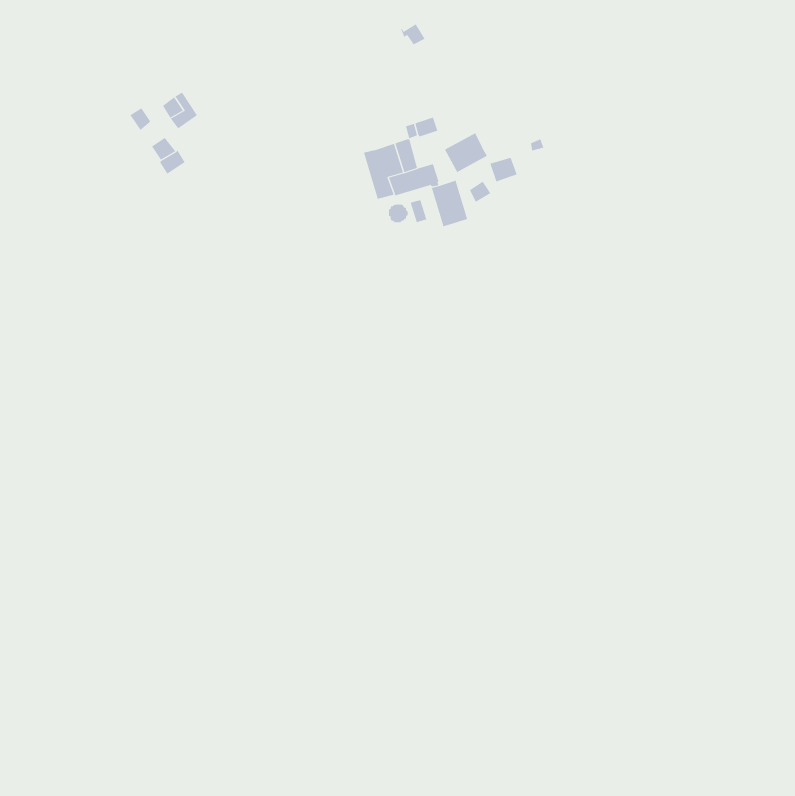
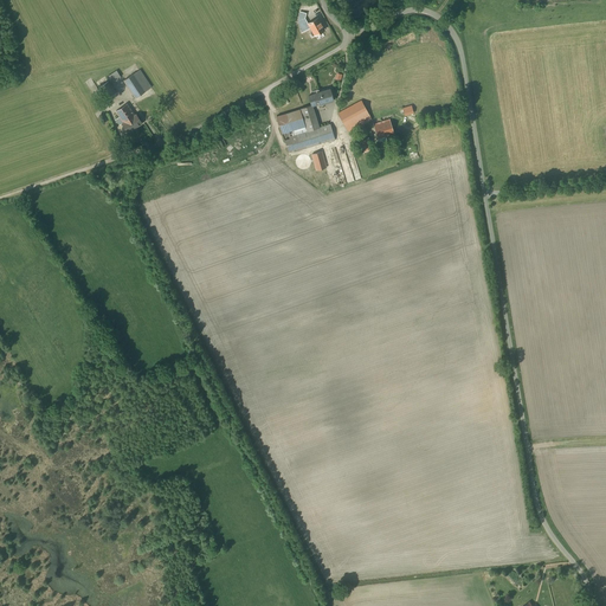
building: [431,180,468,227] -> none

